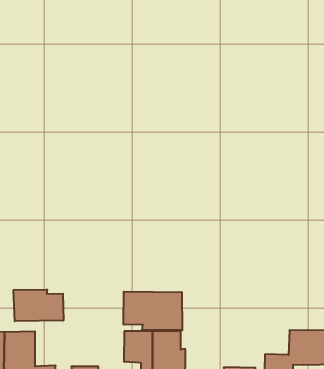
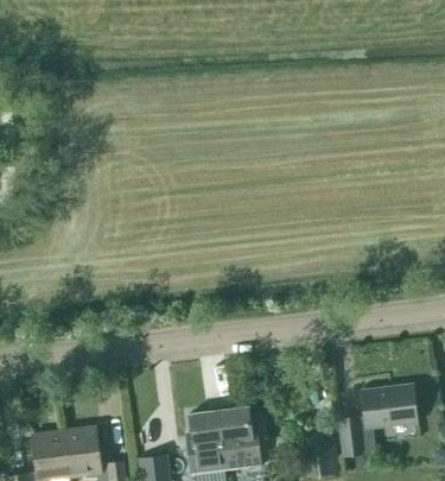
building: [14,289,63,321] -> none
building: [124,292,182,330] -> none

